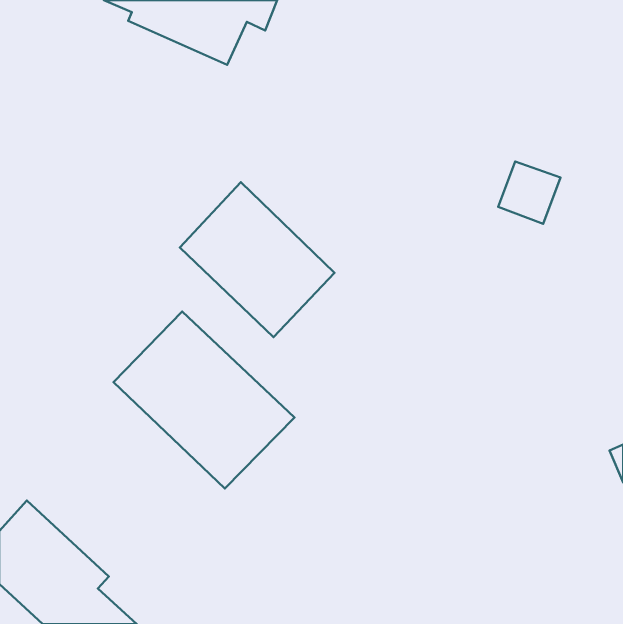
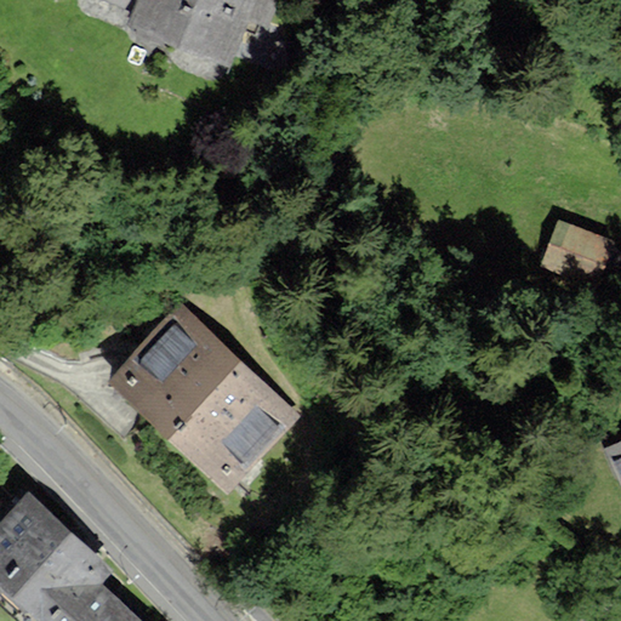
building: [498,162,560,224] -> [545,224,606,286]
building: [180,182,335,337] -> none

